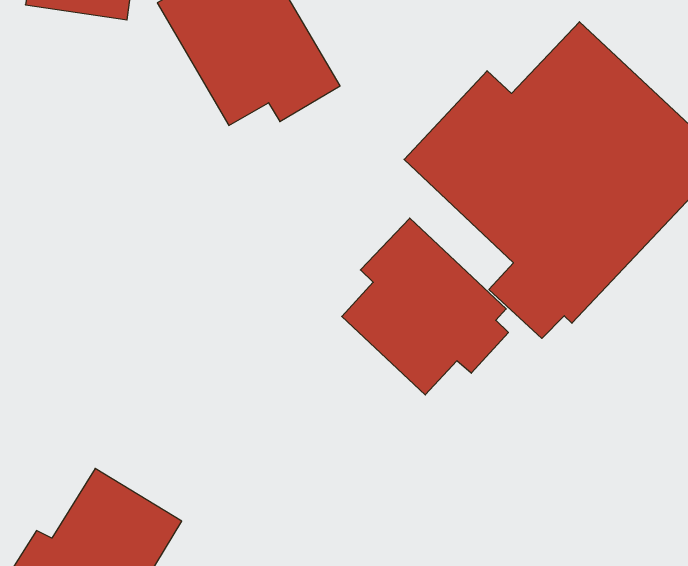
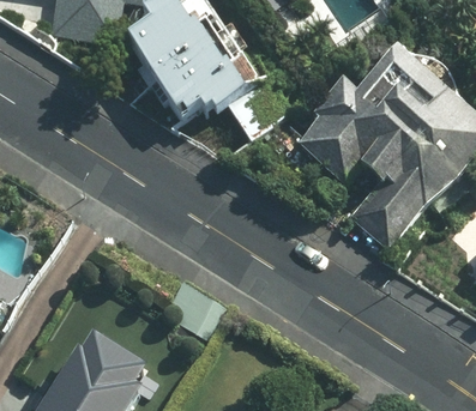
building: [342,218,508,395] -> none

